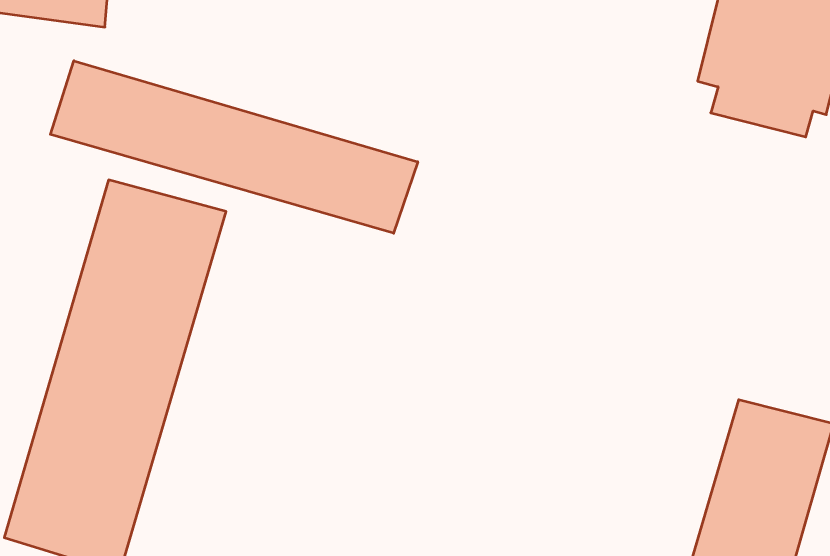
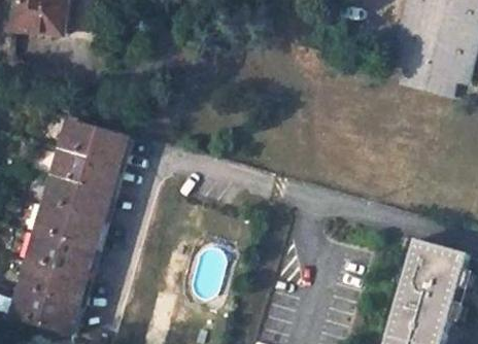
building: [50,61,418,233] -> none

